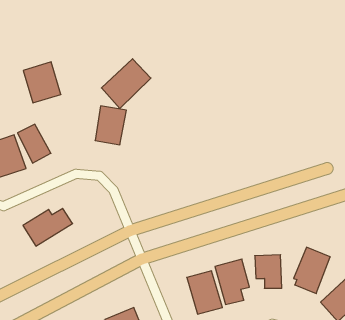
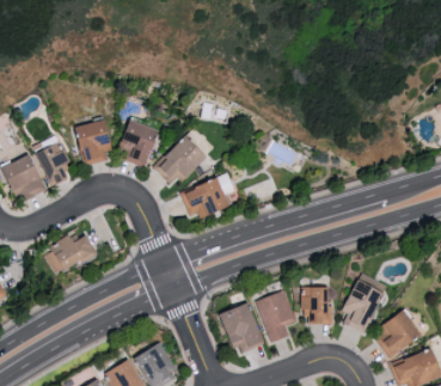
building: [101,59,151,108] -> [152,133,207,188]
building: [23,62,61,103] -> [74,117,116,163]
building: none -> [179,177,229,217]

